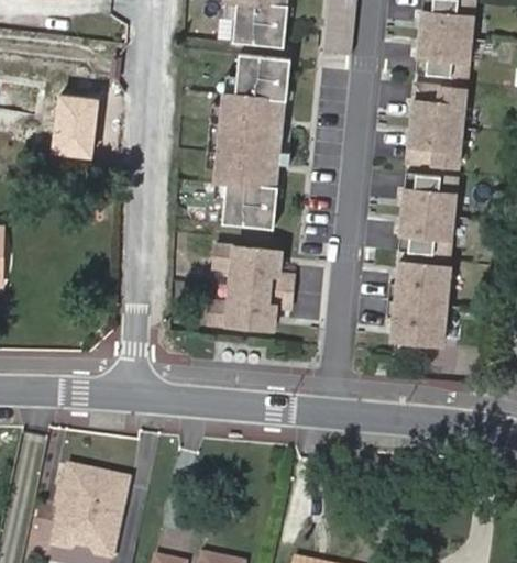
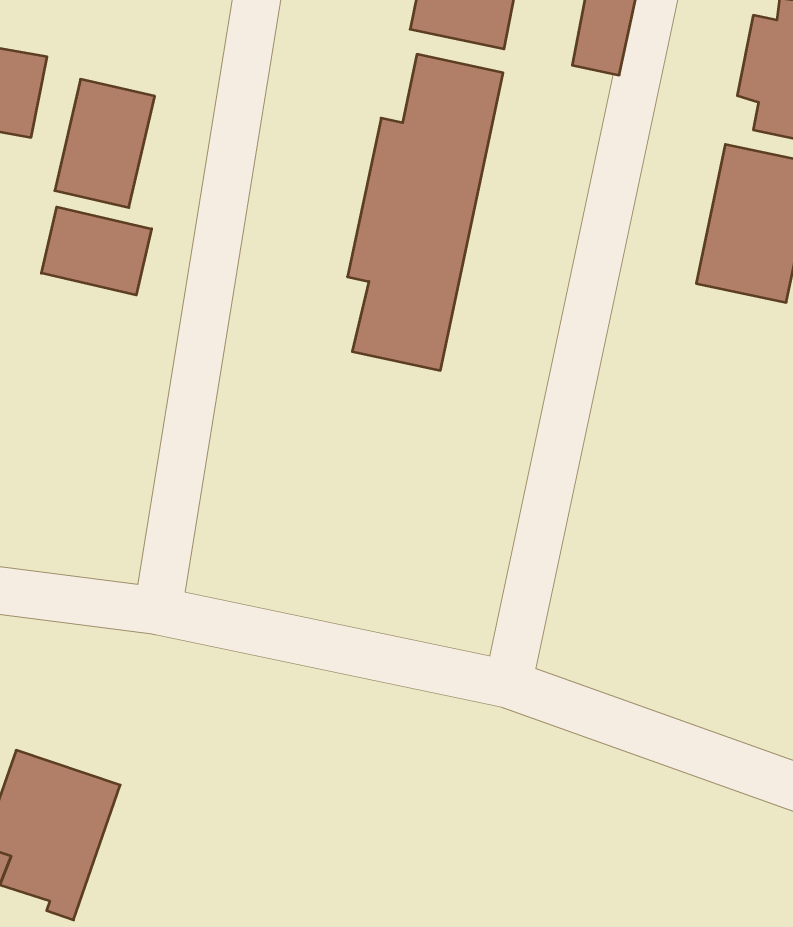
building: none -> [41,207,152,295]
building: [400,175,457,256] -> none
building: [207,246,295,325] -> none
building: [392,263,449,345] -> none

